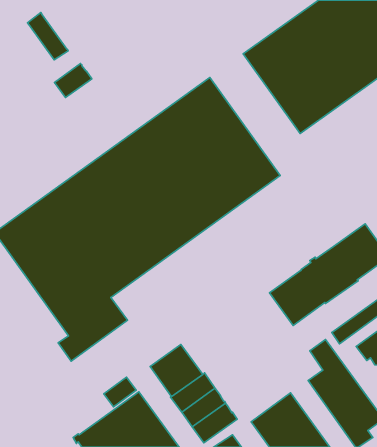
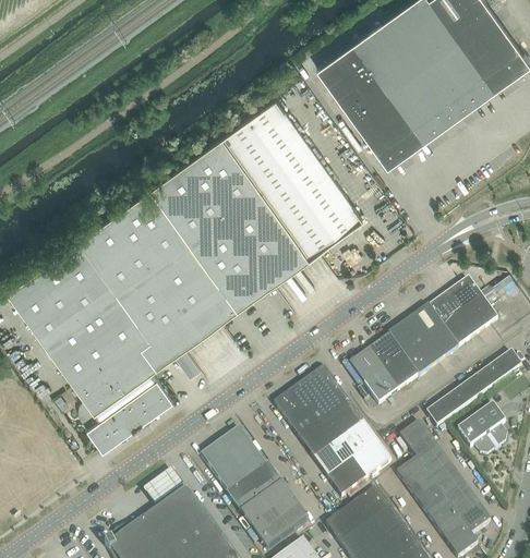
building: [28,13,68,60] -> none
building: [54,63,92,98] -> none
building: none -> [275,369,393,498]

